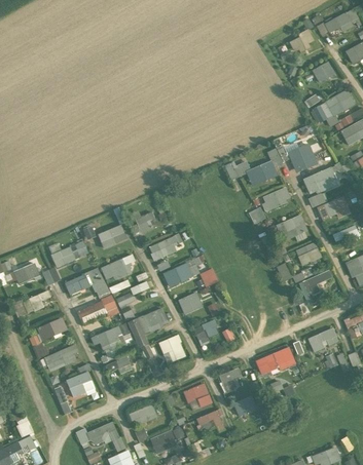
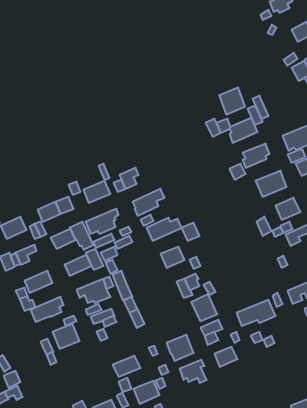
building: [289,144,316,171] -> [219,87,245,114]
building: [138,307,169,333] -> none
building: [158,335,185,362] -> [191,294,217,321]
building: [86,421,126,451] -> none

